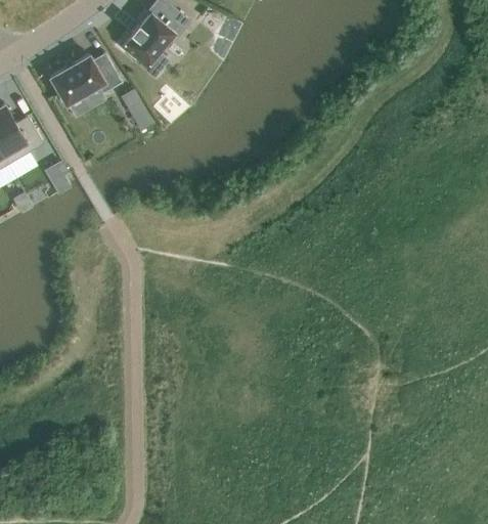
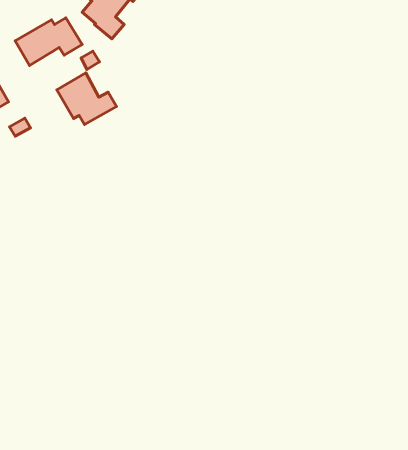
building: none -> [57,73,116,125]

